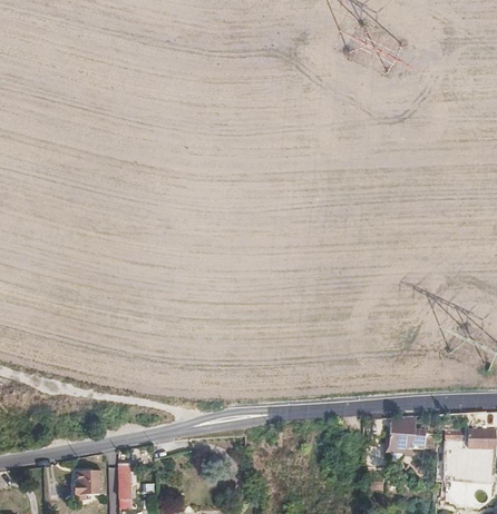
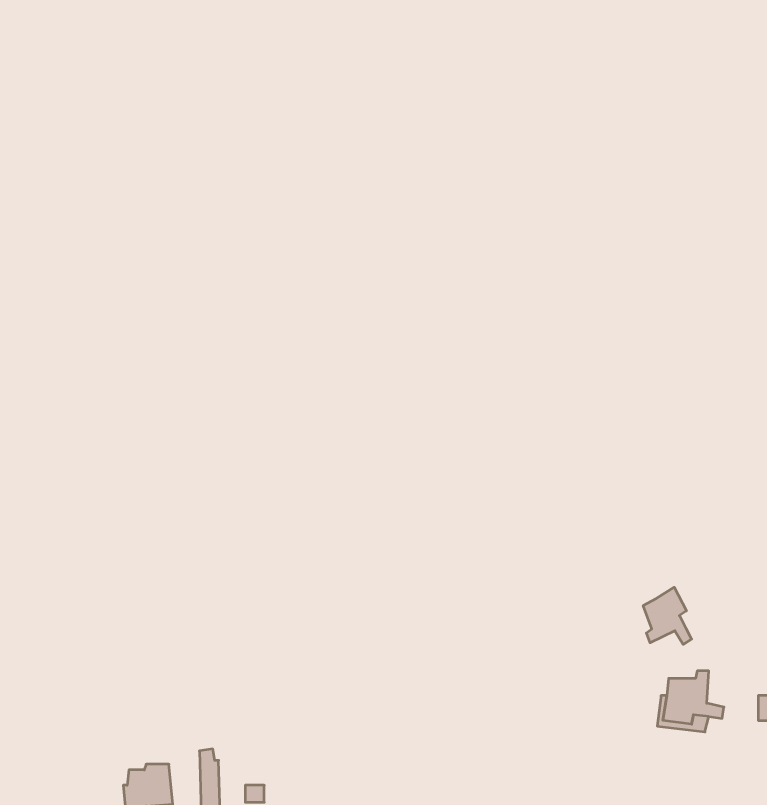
building: none -> [643,587,692,644]

